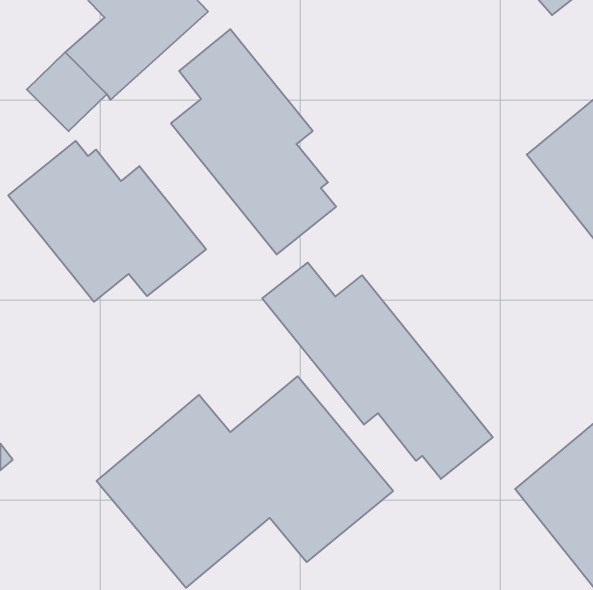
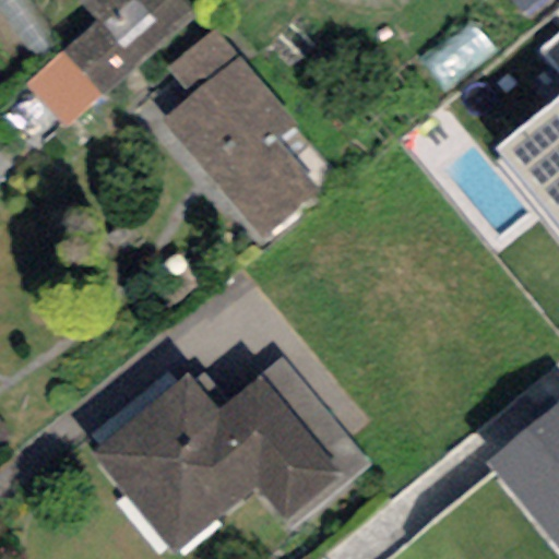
building: [8,141,206,302] -> none
building: [262,263,493,479] -> none

